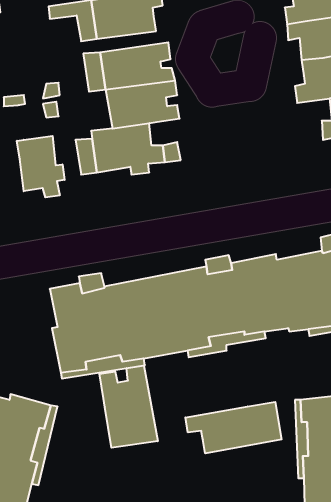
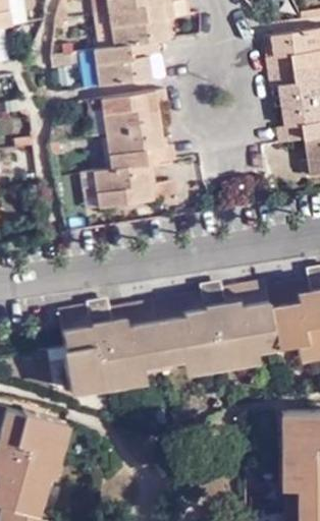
building: [17,136,65,197] -> none
building: [99,365,158,448] -> none
building: [185,402,282,453] -> none

